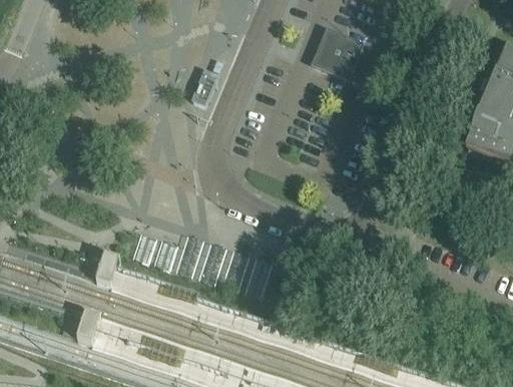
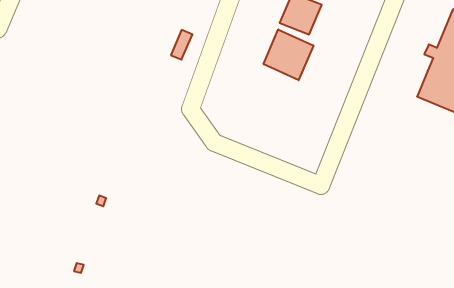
building: none -> [264,29,313,80]

